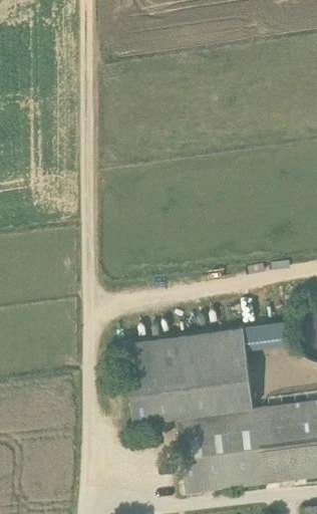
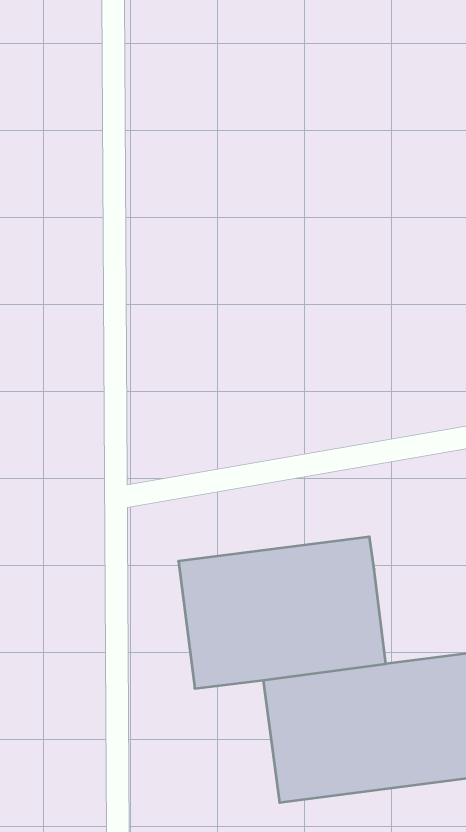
building: [242,325,284,350] -> none

